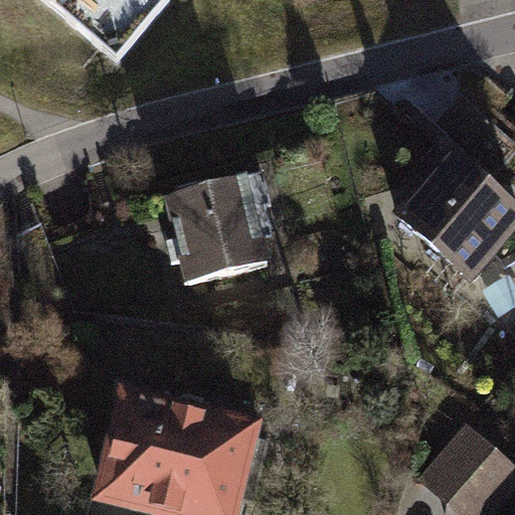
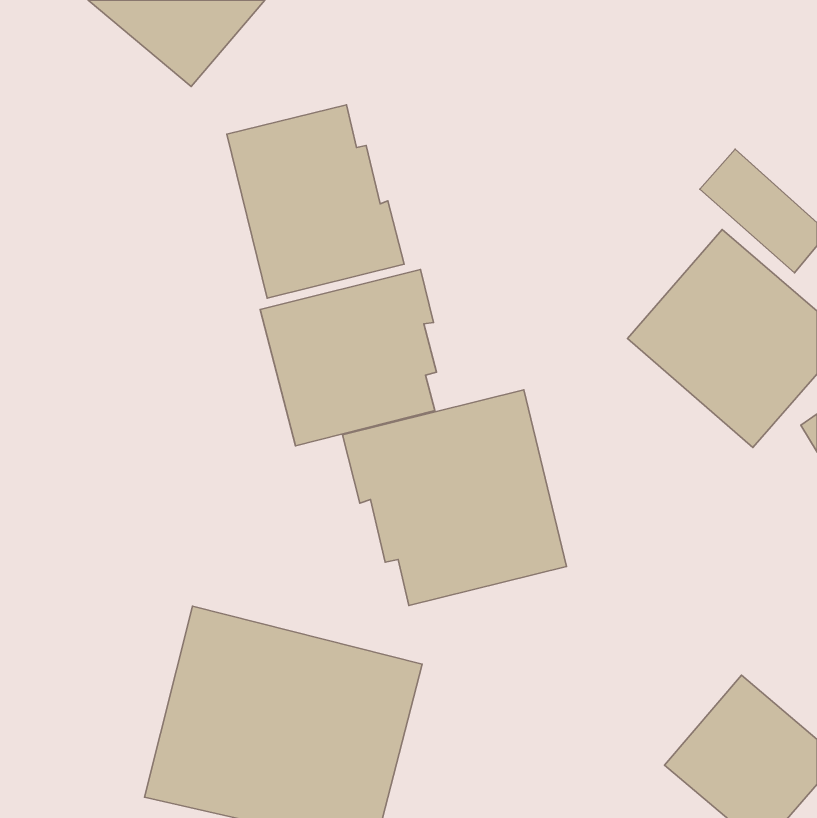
building: none -> [227,105,404,298]
building: none -> [342,390,567,605]

